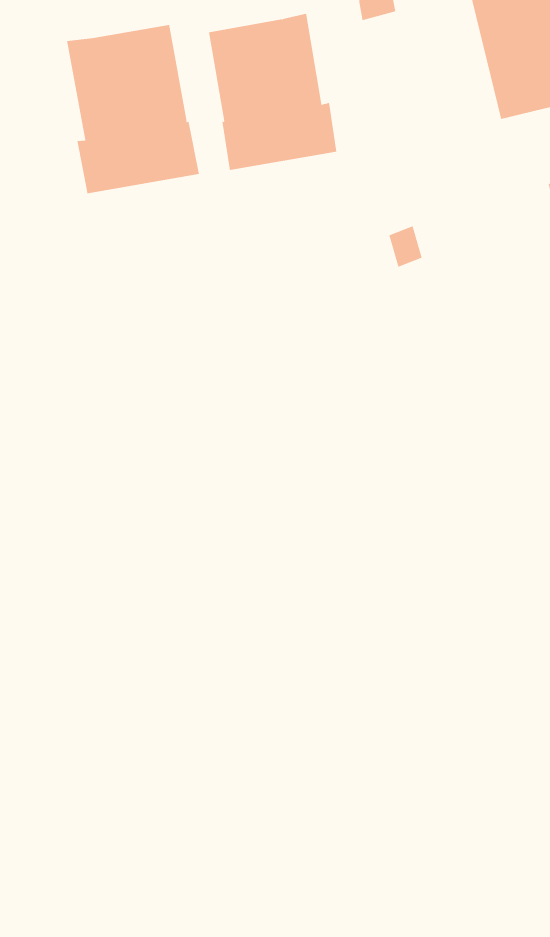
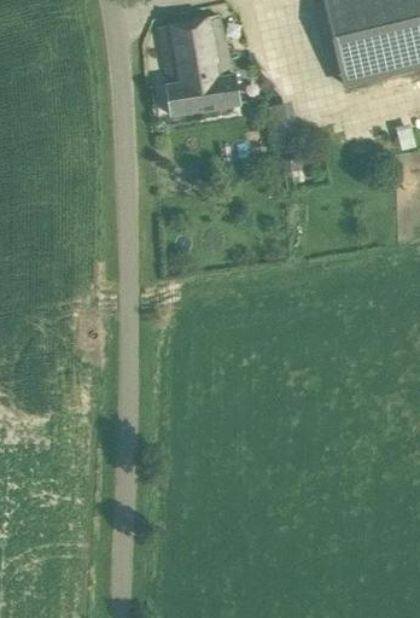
building: [67,24,199,194] -> none

